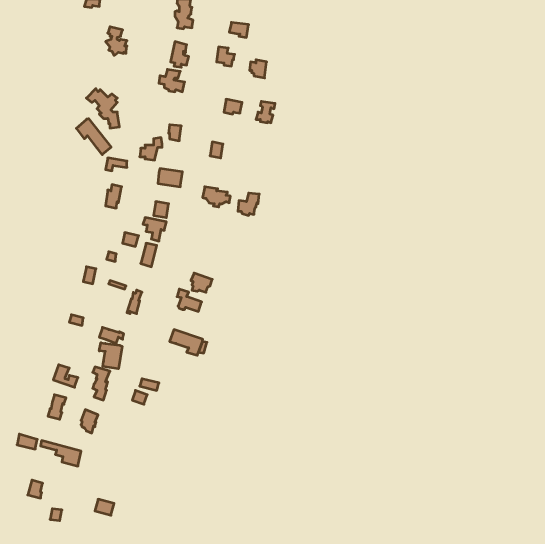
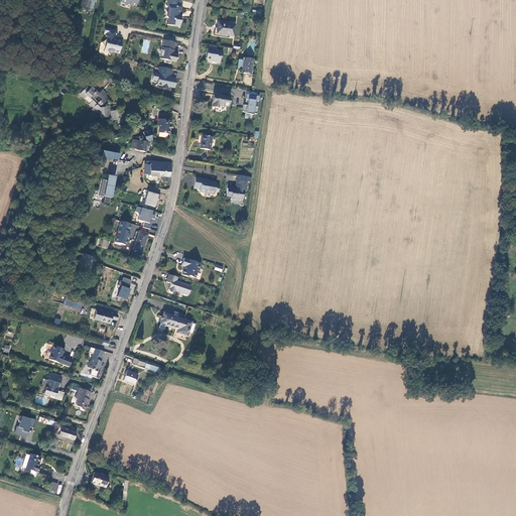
building: [76,119,111,155] -> none
building: [99,343,122,369] -> none

